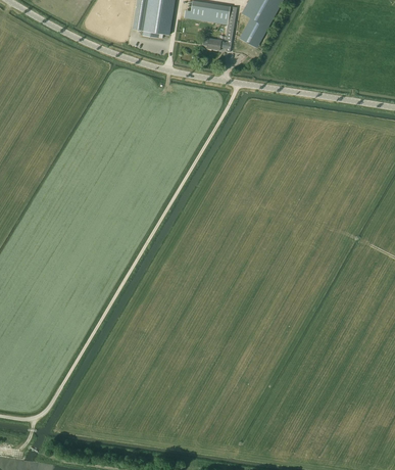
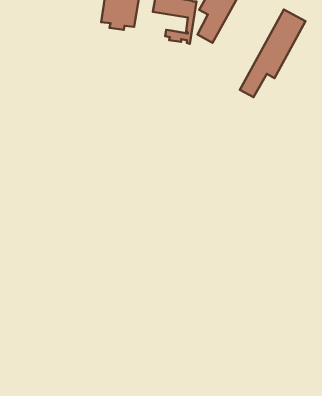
building: none -> [240,10,305,97]

